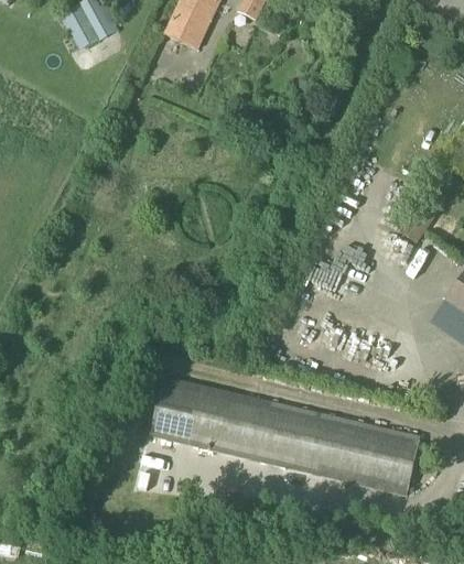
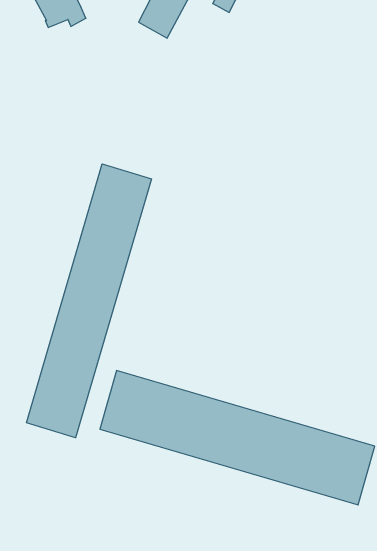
building: none -> [26,164,152,438]

